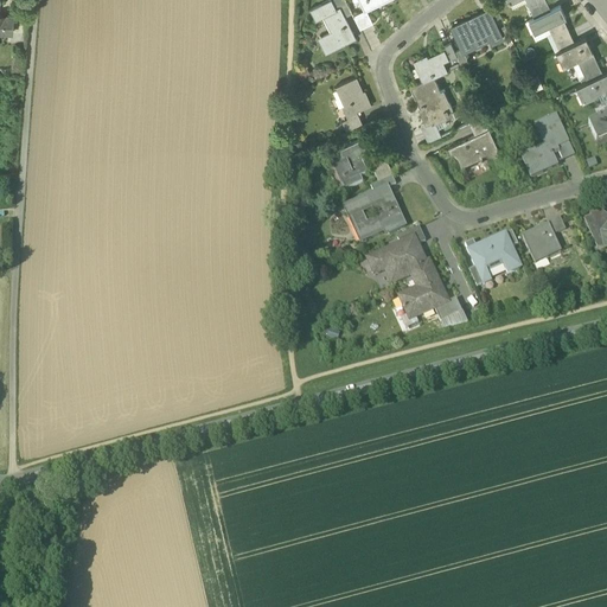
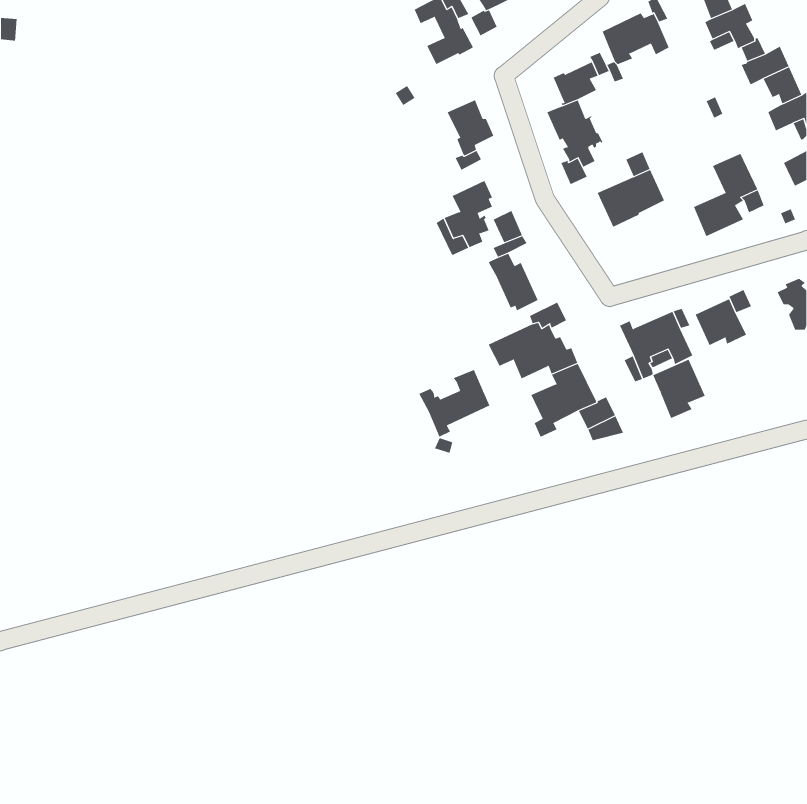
building: [344,197,383,242] -> none
building: none -> [652,359,706,419]
building: none -> [419,369,490,438]

